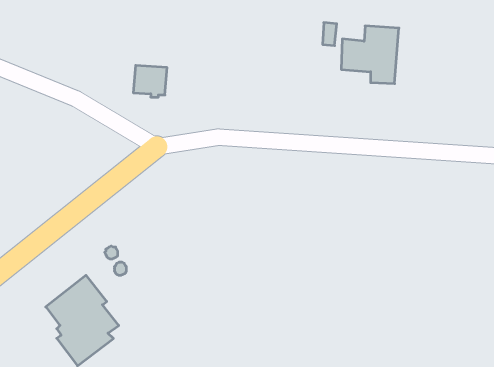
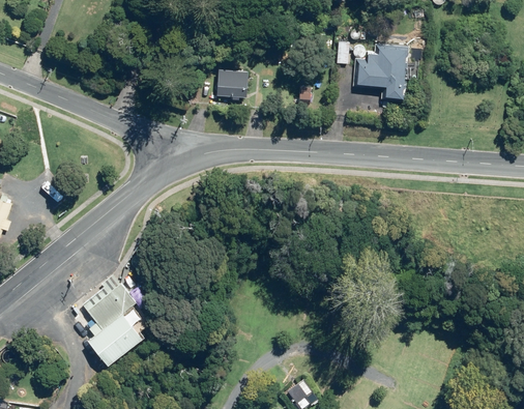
building: [133,65,167,97] -> [215,69,248,99]

